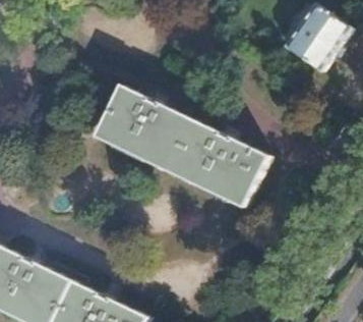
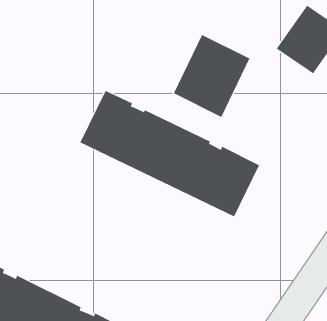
building: none -> [173,34,250,118]

